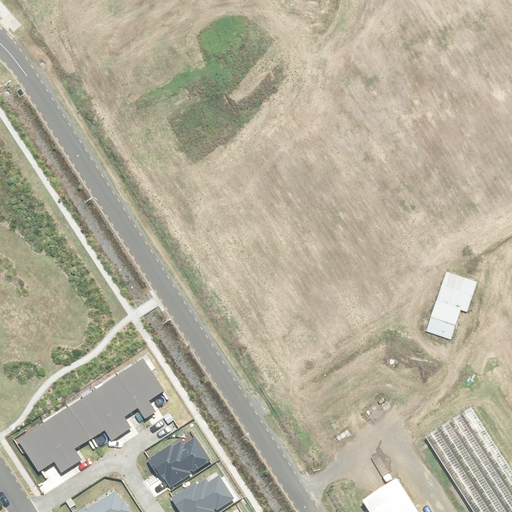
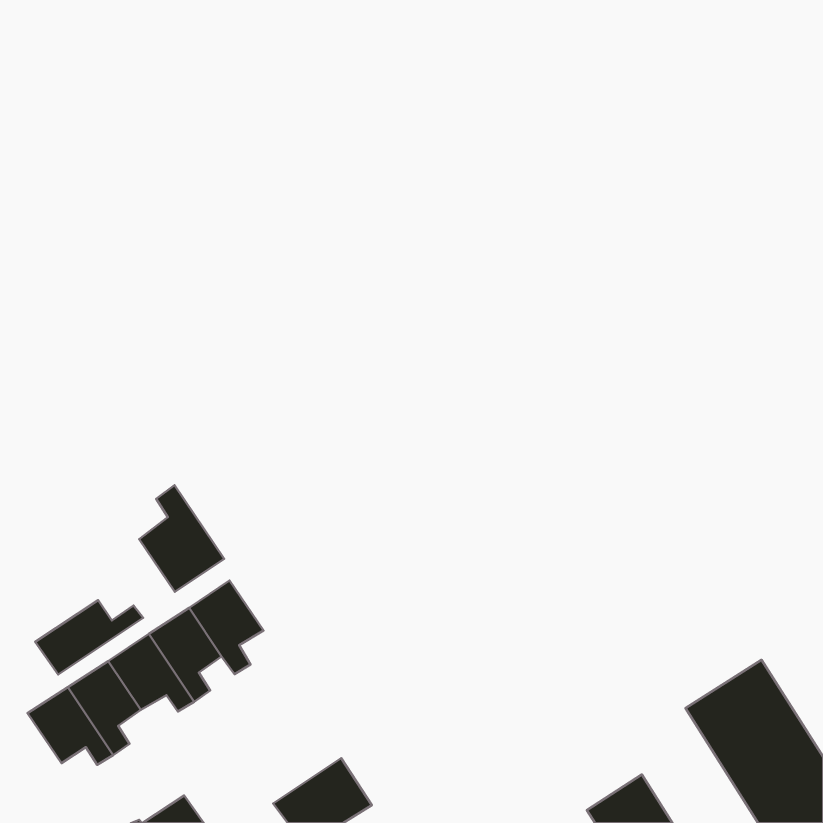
building: [426,270,476,338] -> none
building: none -> [139,485,224,592]
building: none -> [35,600,143,675]
building: [148,439,208,489] -> none

